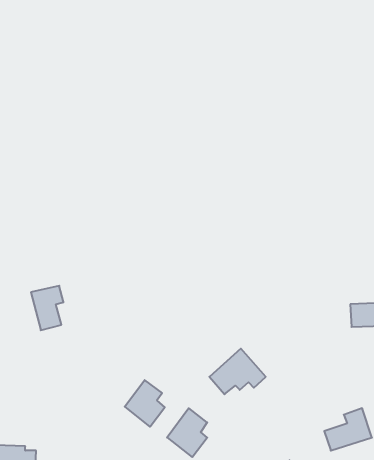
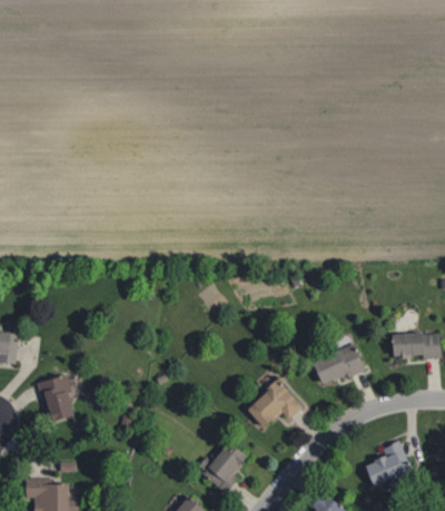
building: [31,286,64,330] -> [40,375,73,421]
building: none -> [310,344,366,387]
building: [125,380,165,427] -> none

